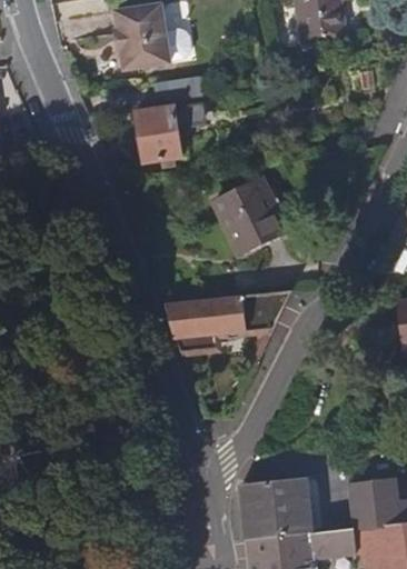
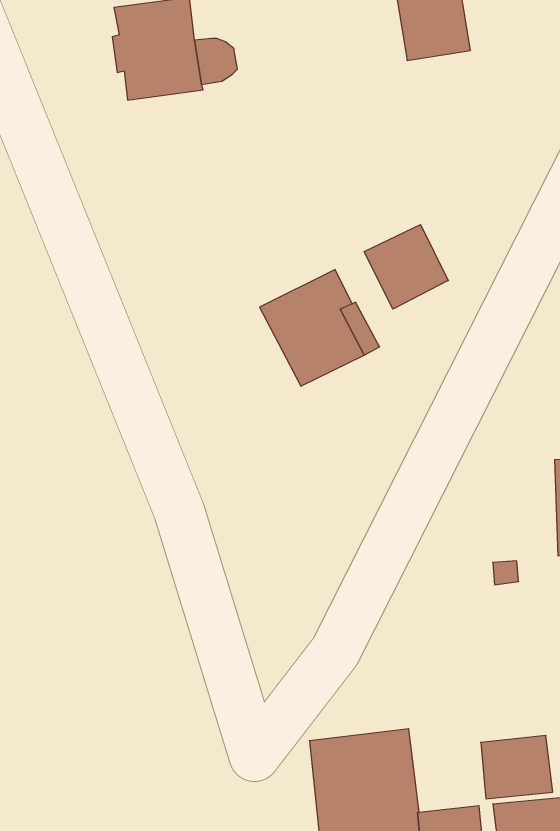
building: [135,76,200,162] -> none
building: none -> [364,225,448,309]
building: [163,290,291,340] -> none

